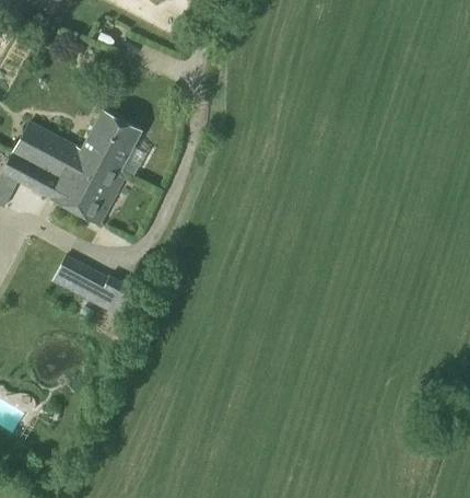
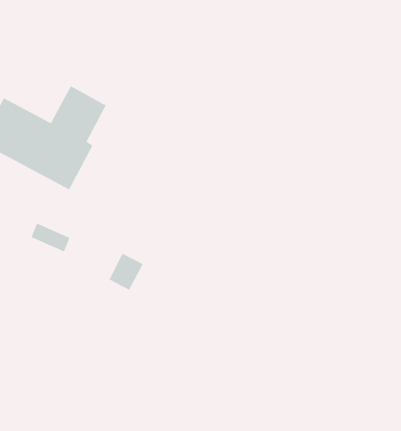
building: [94,275,132,316] -> [109,253,144,291]

